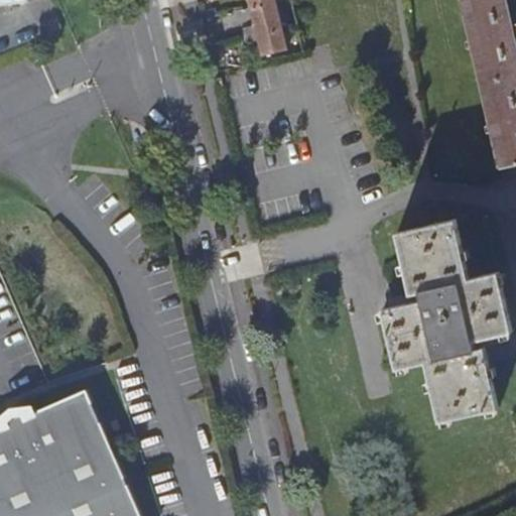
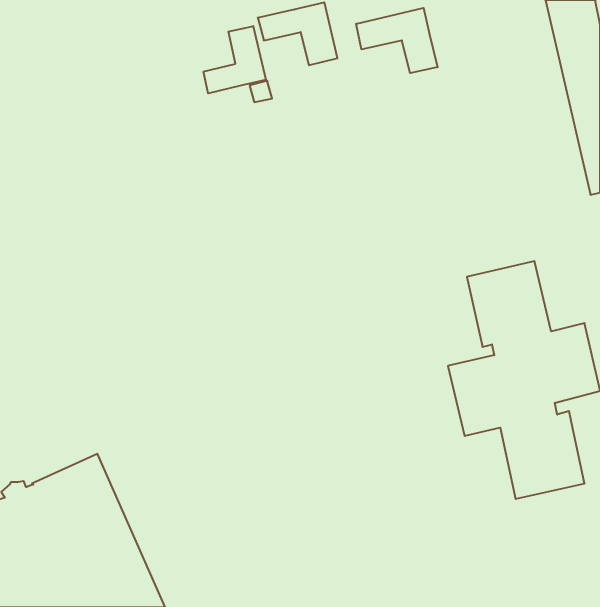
building: none -> [356,8,438,73]
building: none -> [204,26,266,93]

